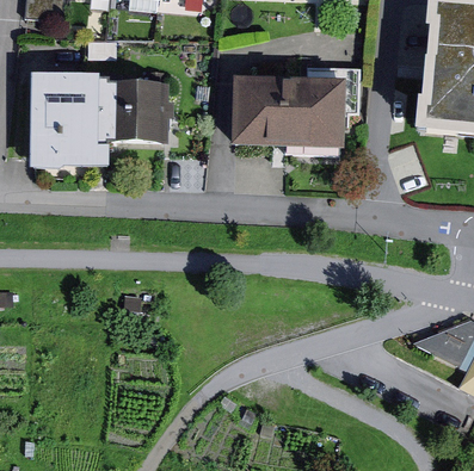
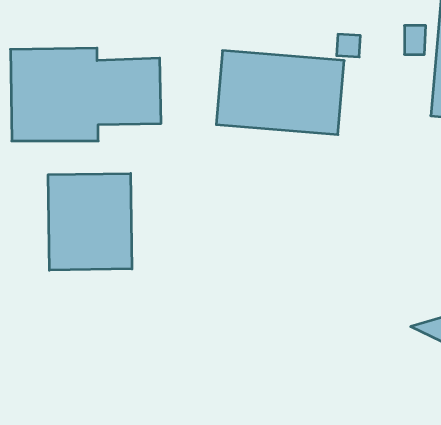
building: none -> [48,173,132,270]

